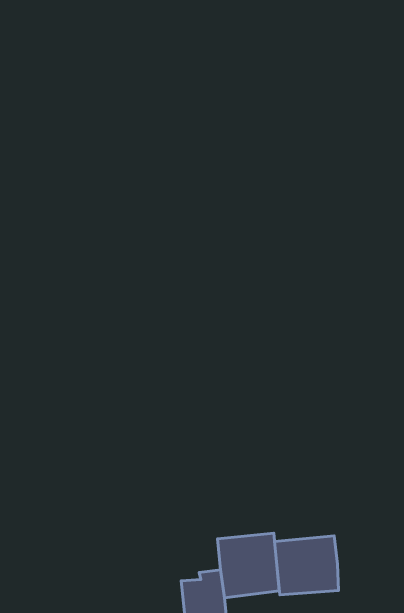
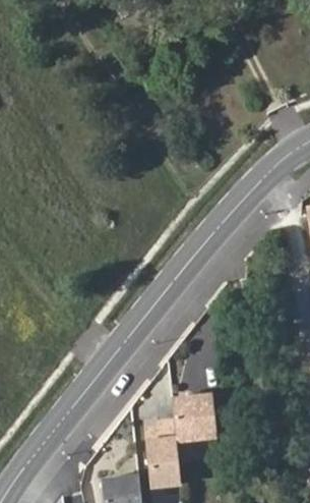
building: [275,536,339,595] -> none

